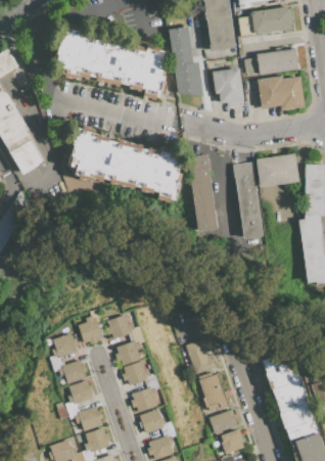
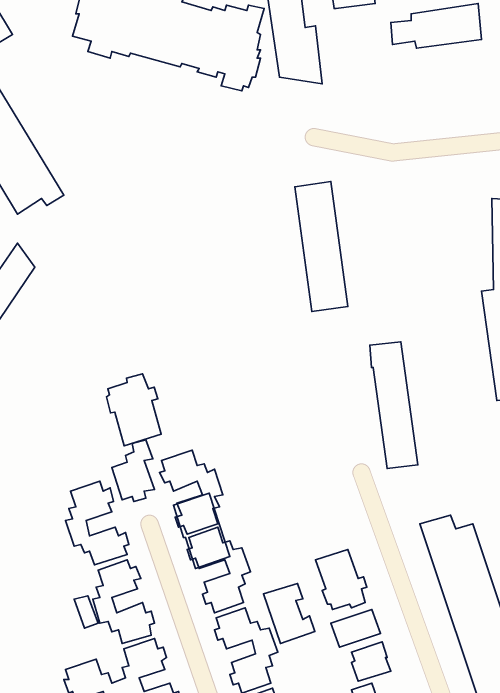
building: [212,67,245,107] -> none
building: [257,77,305,110] -> none
building: [65,125,182,202] -> none
building: [257,154,299,187] -> none
building: [234,163,263,238] -> [370,342,418,468]
building: none -> [106,374,161,446]
building: [185,338,216,374] -> [263,583,315,643]

